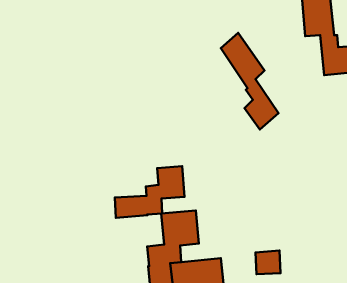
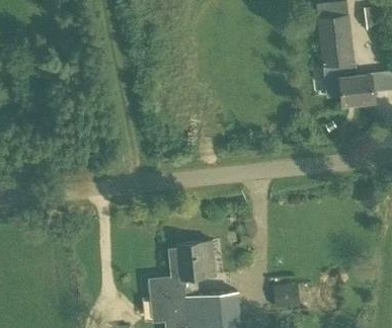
building: [221,33,278,130] -> none
building: [115,166,185,218] -> none

